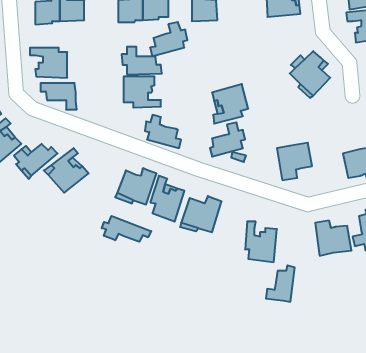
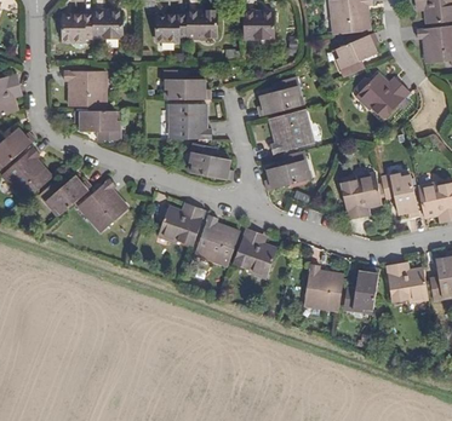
building: none -> [337,33,376,75]
building: [150,22,187,56] -> [256,79,298,117]
building: none -> [383,175,420,218]
building: [102,216,151,242] -> none
building: [266,265,295,302] -> [345,269,378,310]

